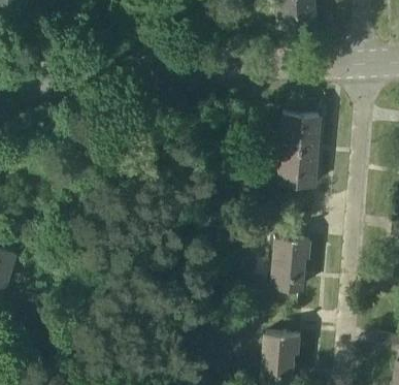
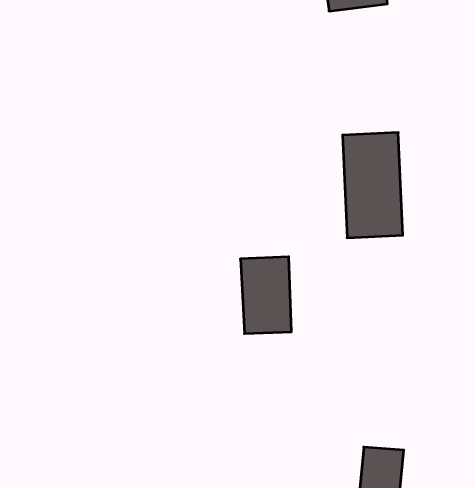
building: [272,237,307,291] -> [240,257,291,334]

